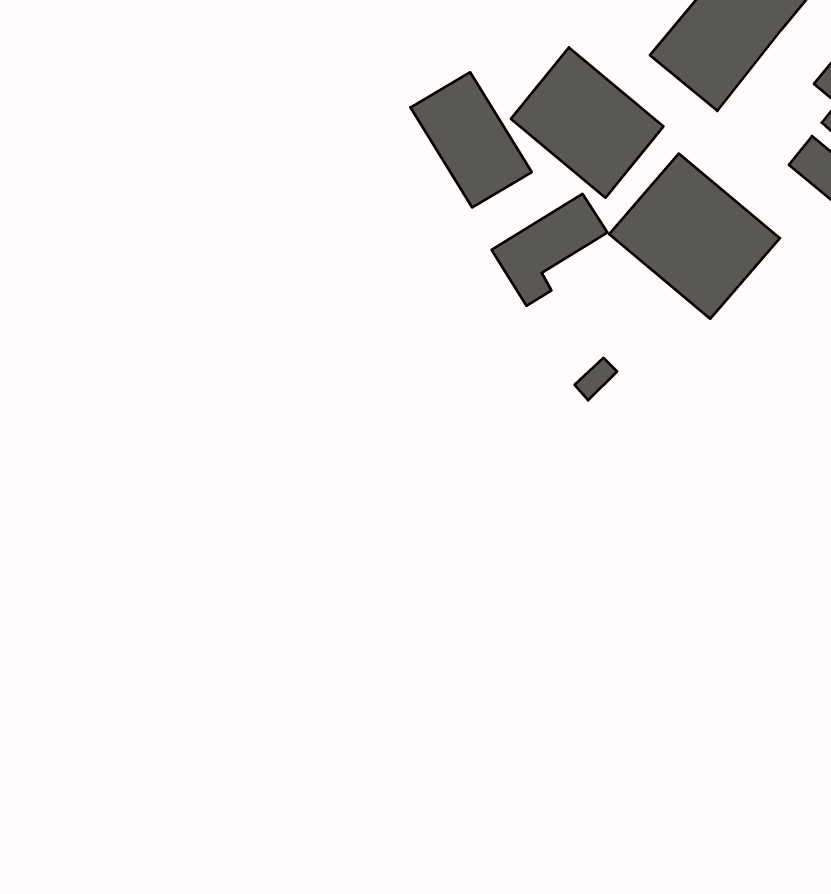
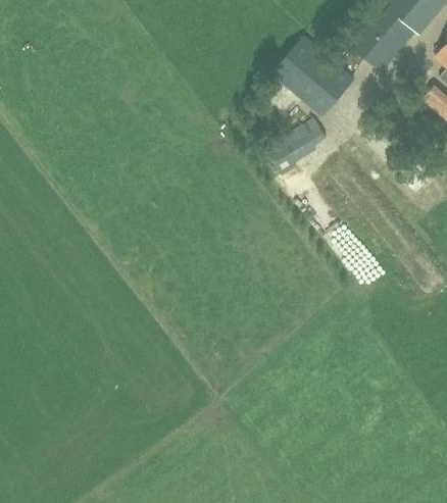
building: [410,72,532,207] -> none
building: [609,154,780,319] -> none

